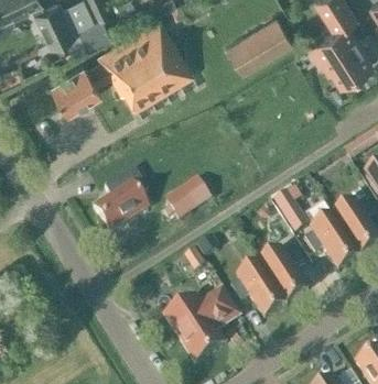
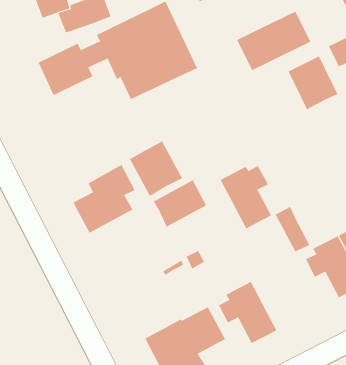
building: none -> [288,55,338,110]
building: none -> [129,140,183,197]
building: [258,244,307,303] -> [220,165,272,229]

